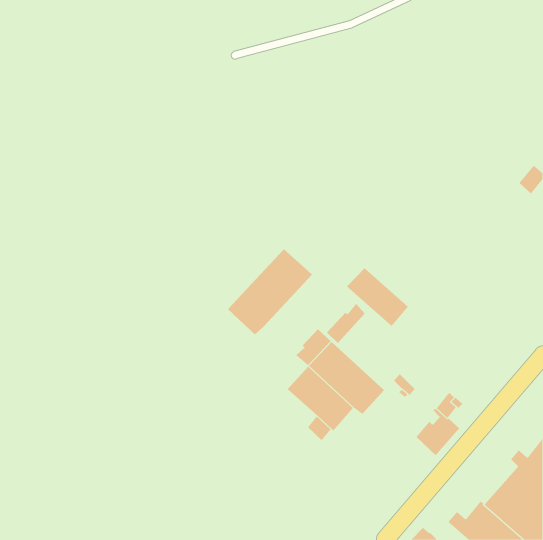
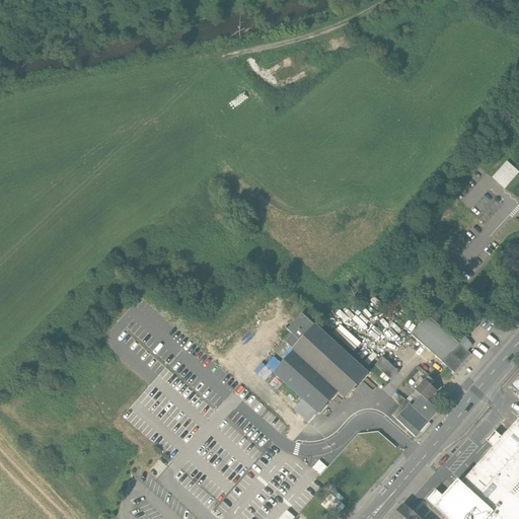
building: [227,249,313,335] -> none
building: [346,267,409,327] -> [412,314,471,371]
building: [326,303,366,344] -> none

